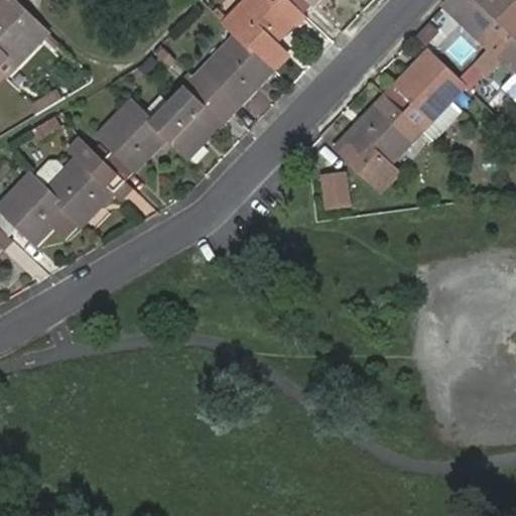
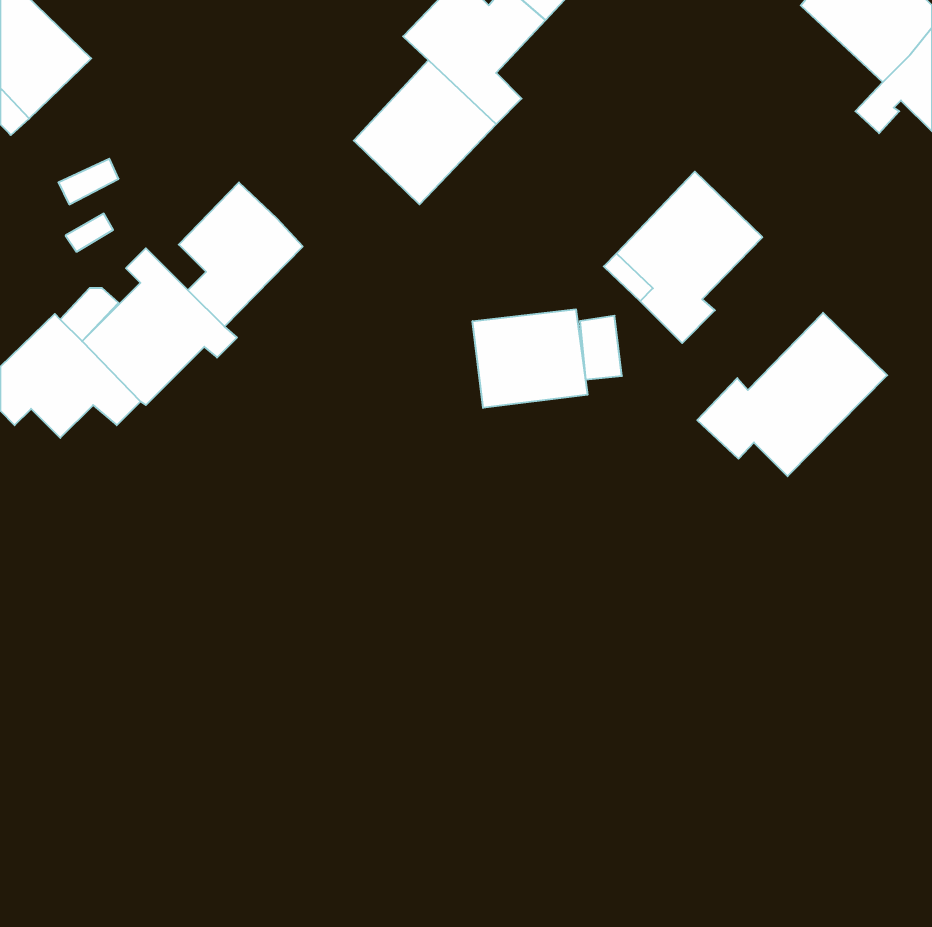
building: [384,49,465,131] -> none
building: [153,78,232,156] -> none
building: none -> [473,309,588,408]
building: none -> [697,313,887,476]

